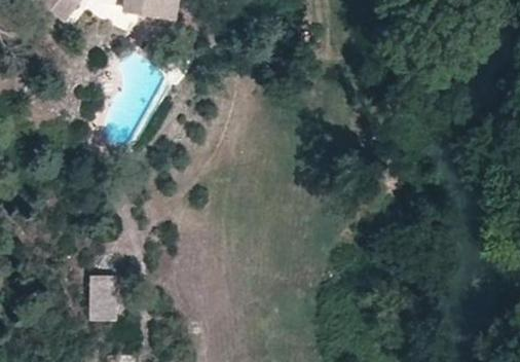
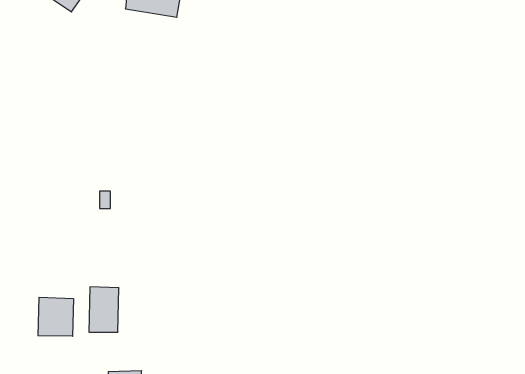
building: none -> [38,297,73,336]

